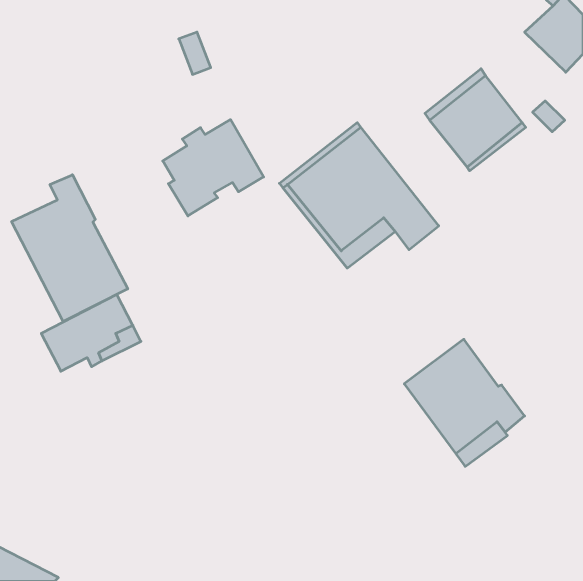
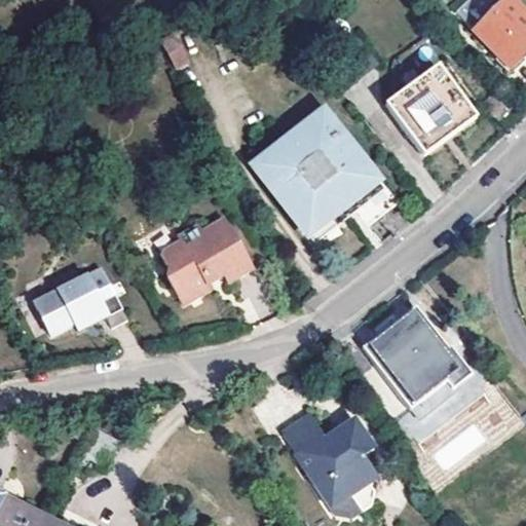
building: [163,120,264,216] -> [162,216,253,302]
building: [12,175,128,322] -> none
building: none -> [280,413,377,513]

